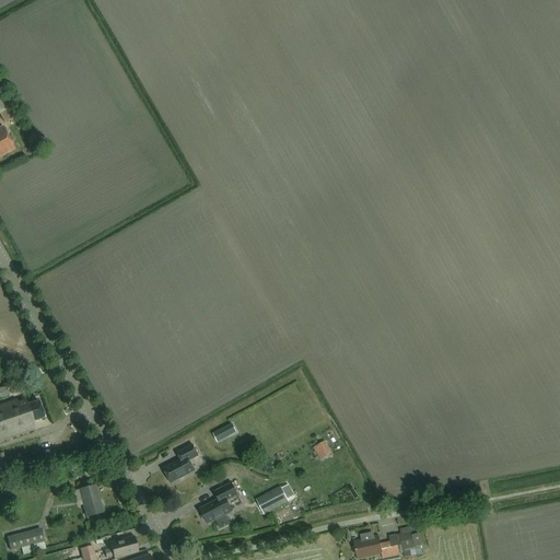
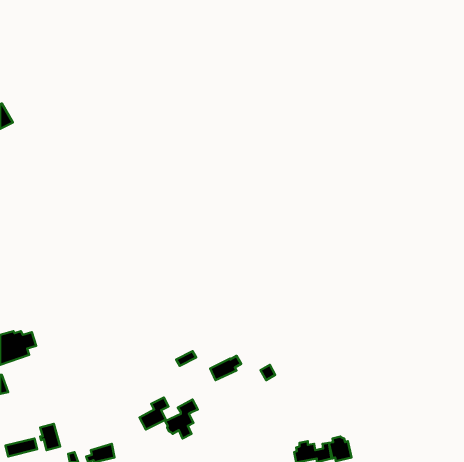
building: [163,444,198,482] -> [139,398,169,429]
building: [257,483,294,513] -> [210,356,241,380]
building: [79,485,103,516] -> [40,424,60,450]

